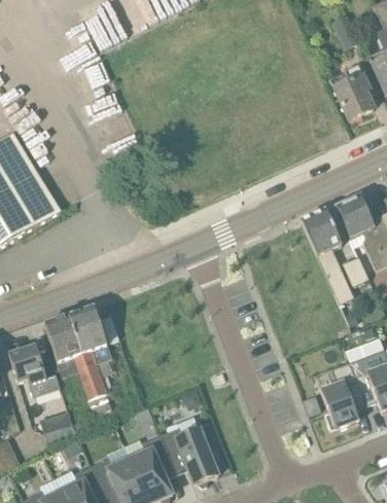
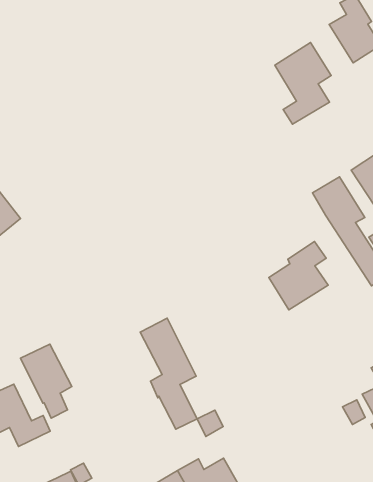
building: none -> [275,42,331,124]
building: none -> [269,242,328,310]
building: [70,306,111,397] -> [140,318,197,429]

